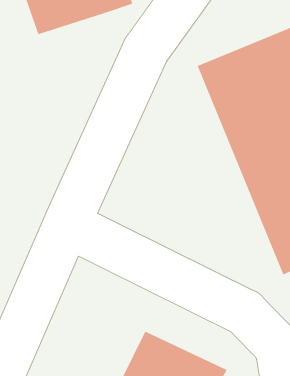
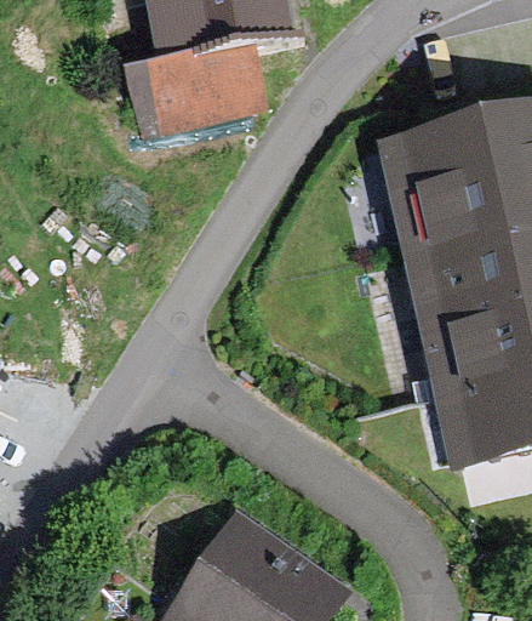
building: none -> [130,45,267,129]

